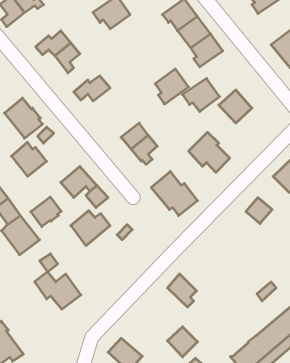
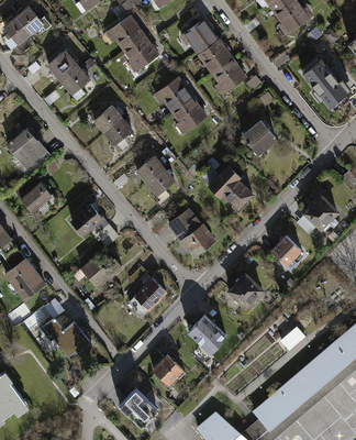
building: none -> [122,36,158,74]
building: [182,78,220,112] -> [153,76,193,112]
building: none -> [103,117,132,148]
building: [31,197,61,227] -> none
building: none -> [227,272,264,308]
building: none -> [134,277,166,310]
building: [167,327,198,357] -> [149,354,182,387]

